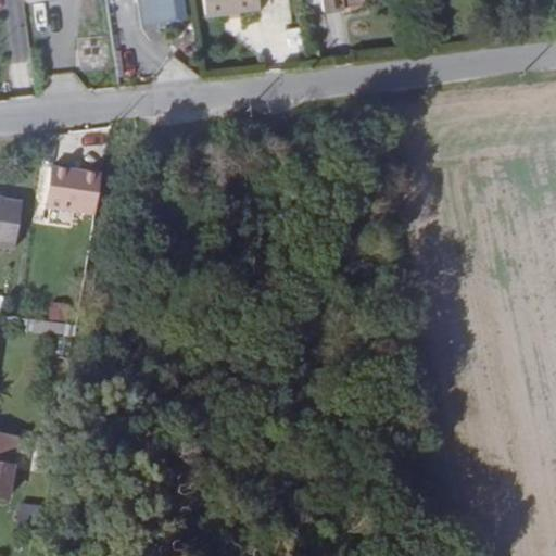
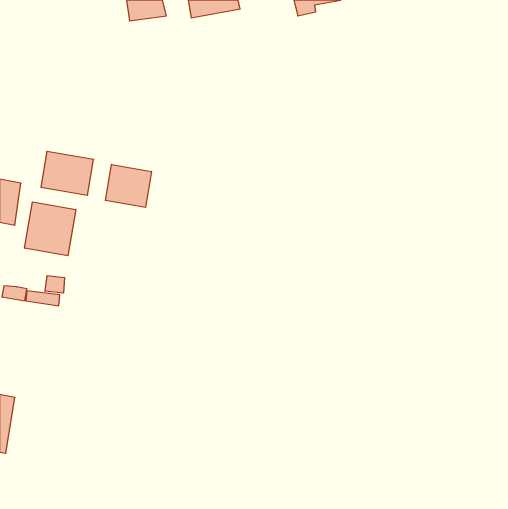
building: none -> [105,164,151,207]
building: none -> [25,202,76,256]

